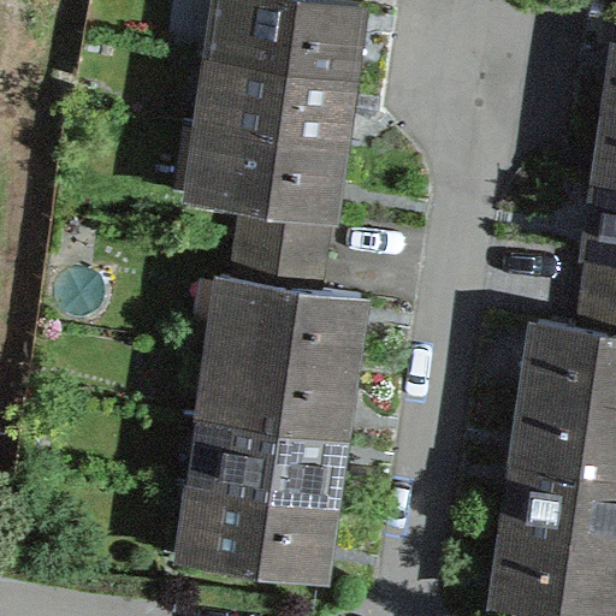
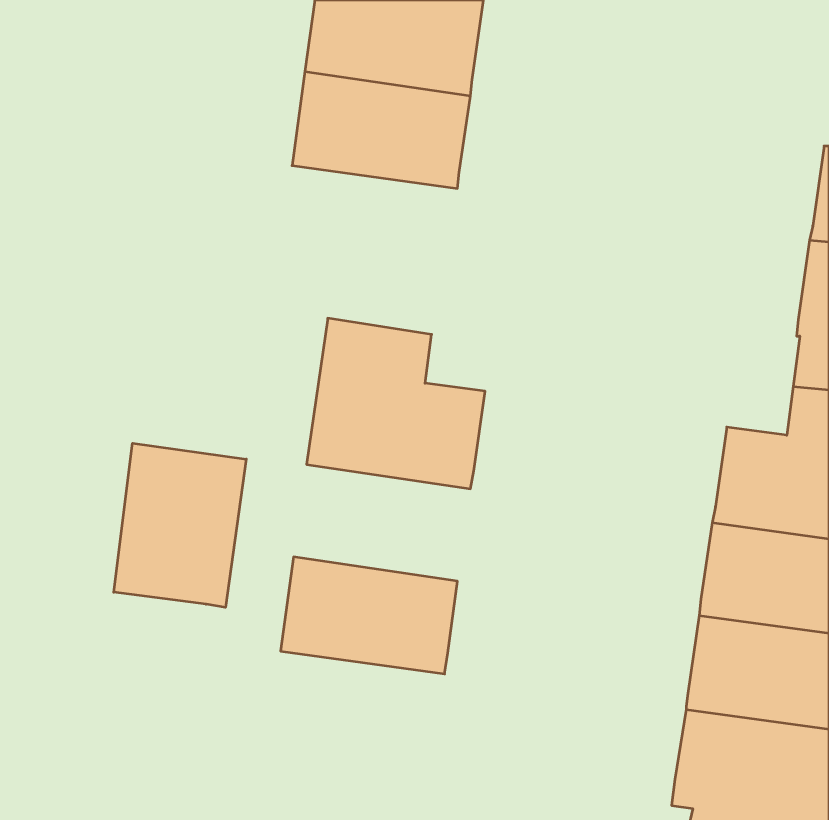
building: [206,130,339,255] -> none
building: none -> [114,443,246,607]
building: [218,351,349,438] -> none
building: [197,490,330,578] -> none

